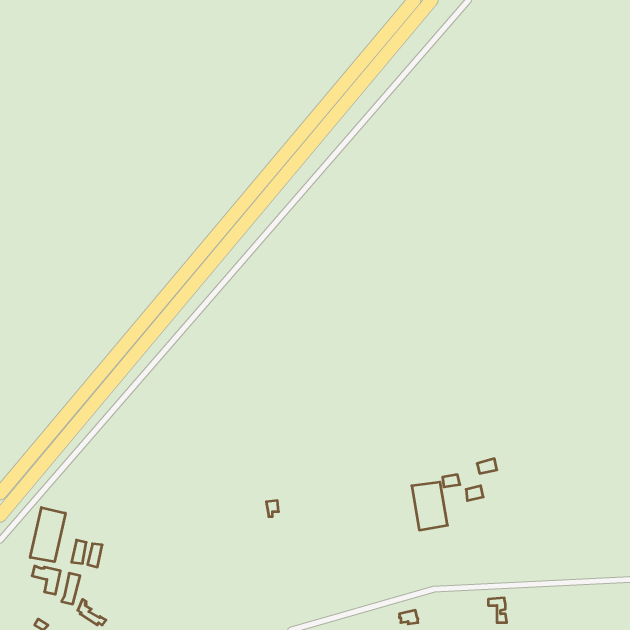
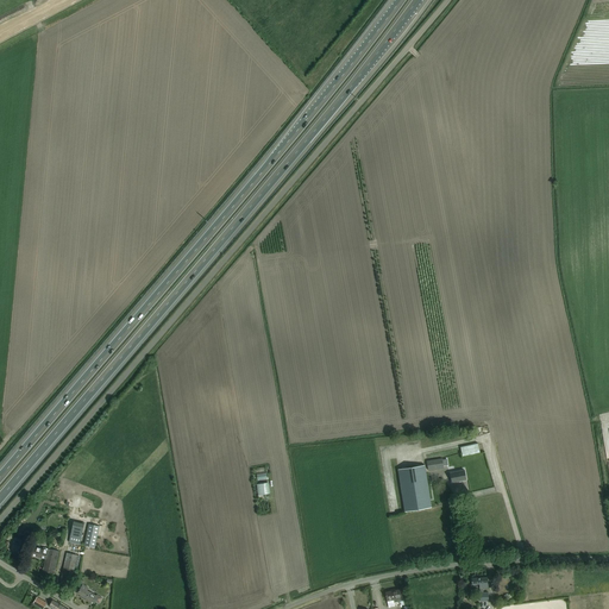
building: [30,507,65,562] -> none

